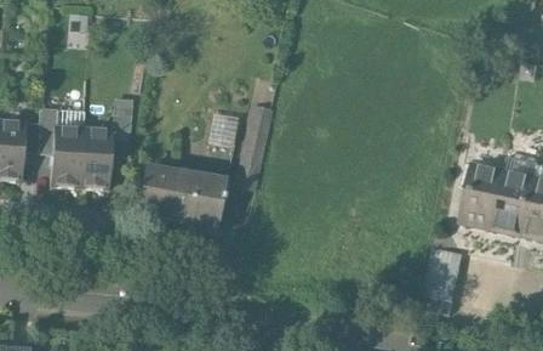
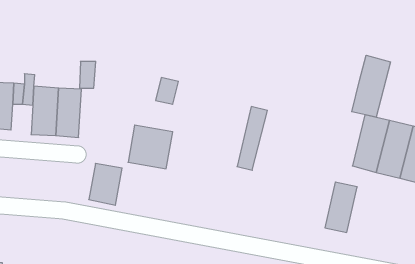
building: none -> [352,55,390,117]
building: [234,101,273,182] -> [237,107,267,170]
building: [137,165,179,219] -> [89,163,122,205]

